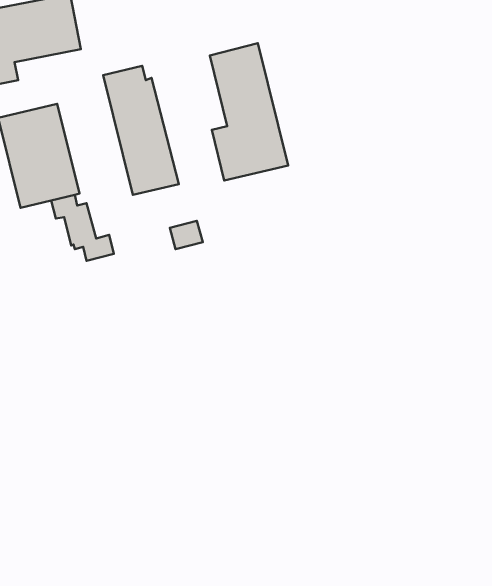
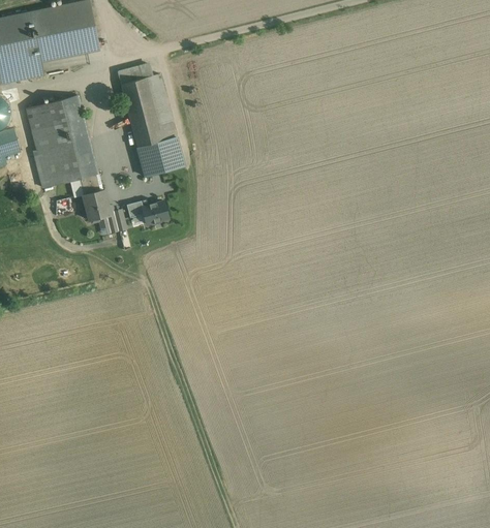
building: [210,43,288,180] -> none
building: [170,221,203,249] -> [140,200,169,225]

